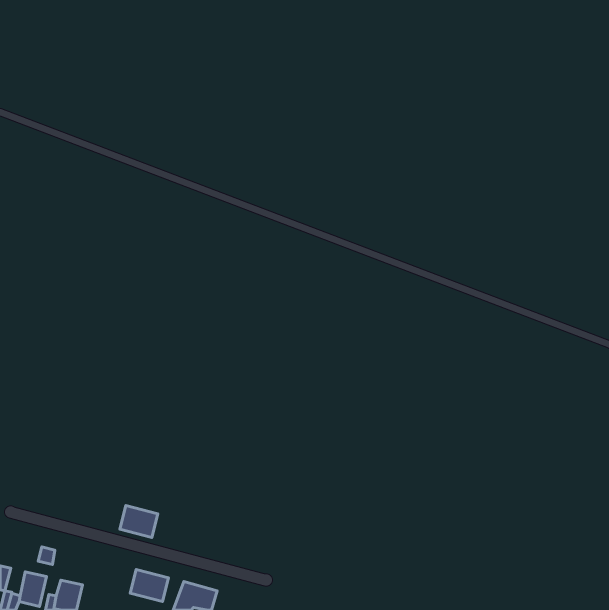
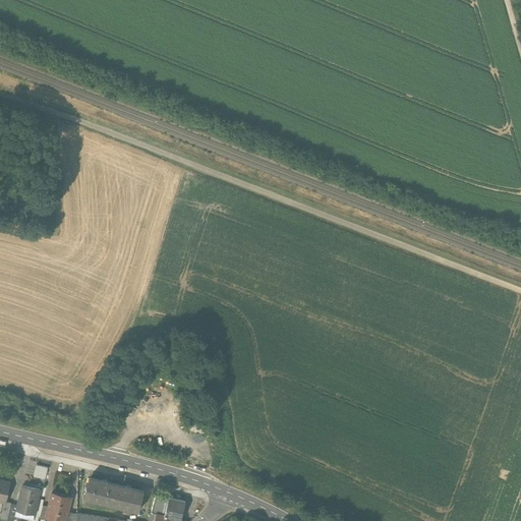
building: [120,505,158,538] -> [84,478,117,506]

